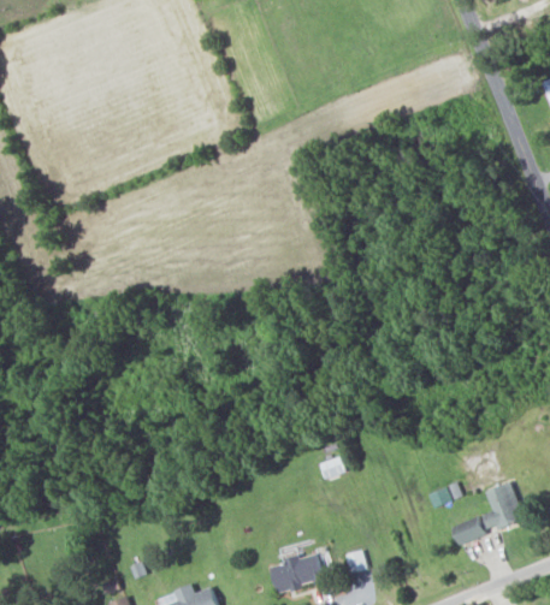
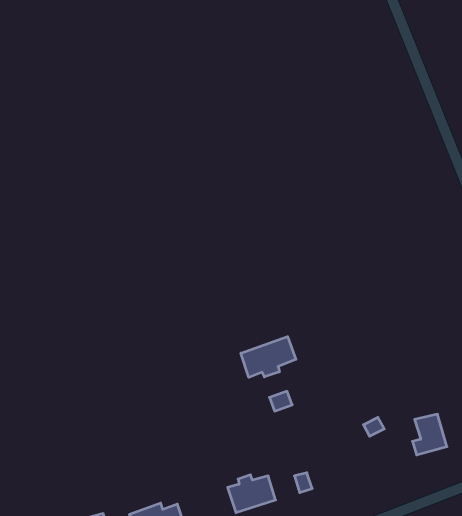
building: none -> [241,337,296,377]
building: [451,515,485,544] -> none

